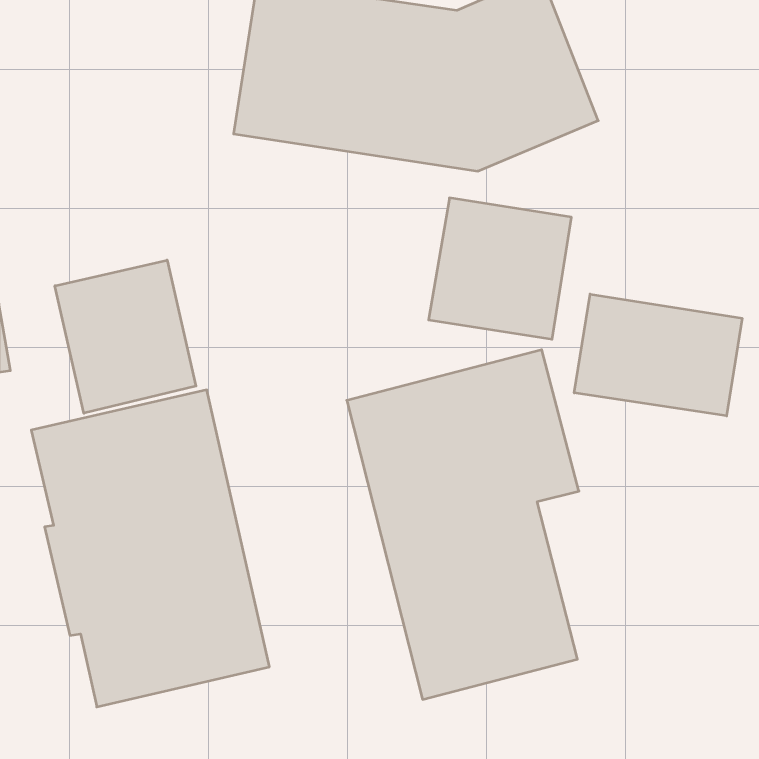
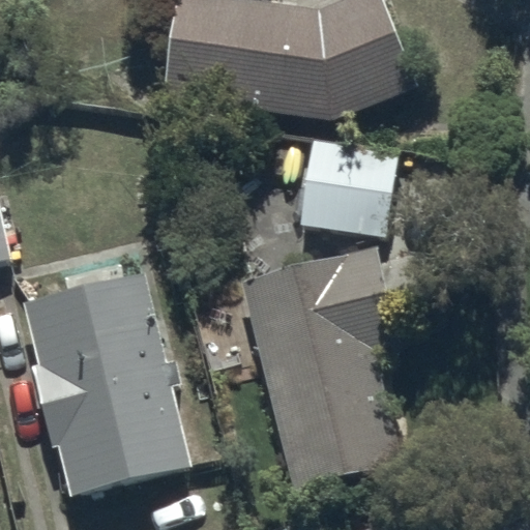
building: [55,260,196,413] -> none
building: [574,294,742,416] -> none

